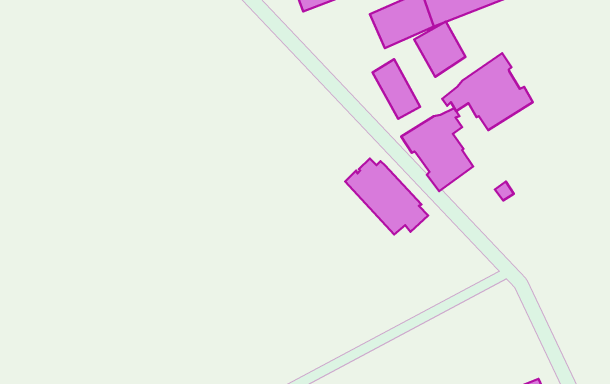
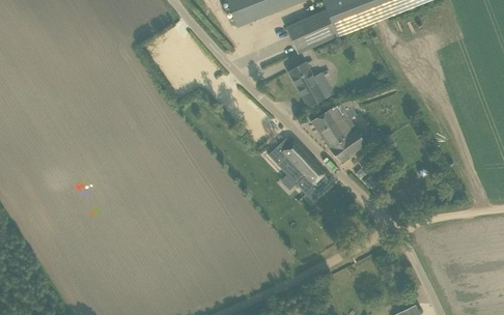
building: [414,22,466,77] -> none
building: [442,53,533,130] -> none

